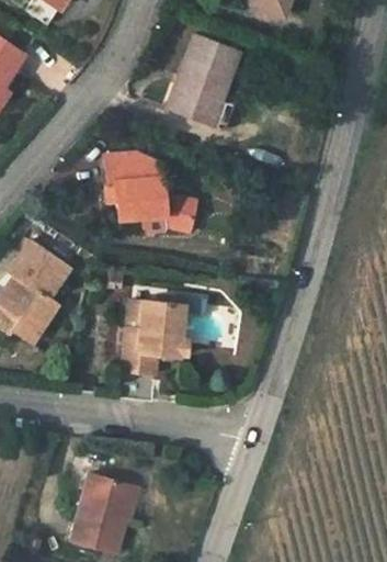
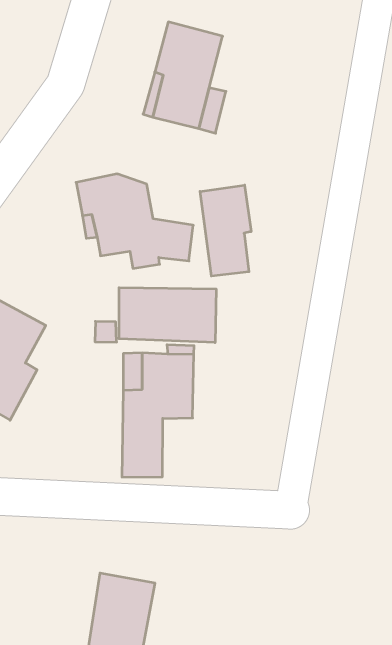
building: none -> [200,185,251,276]
building: none -> [119,288,216,343]

